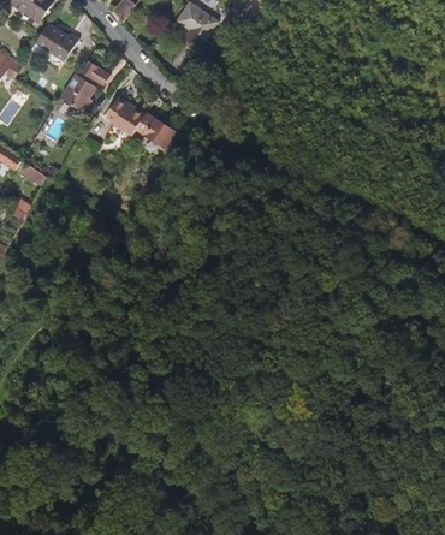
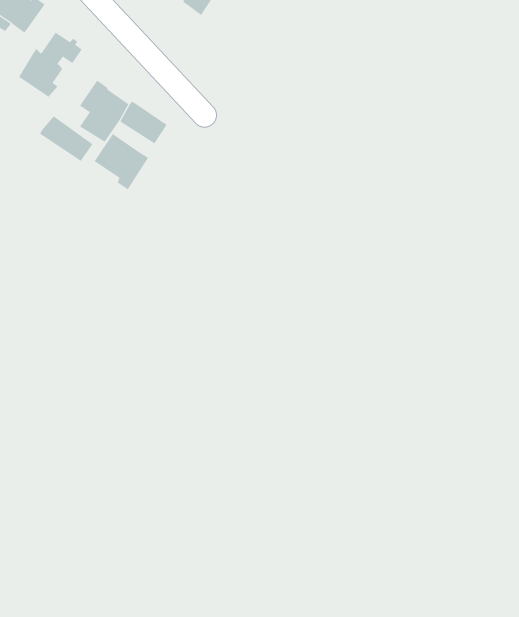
building: none -> [40,116,93,162]
building: none -> [94,133,149,190]

